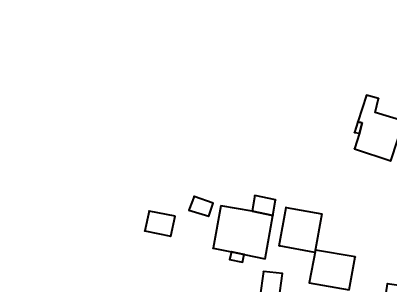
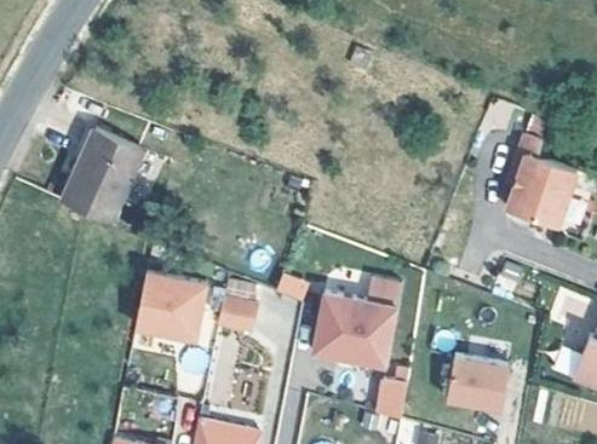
building: none -> [64,127,148,221]
building: none -> [134,270,206,339]
building: [279,207,322,252] -> none

